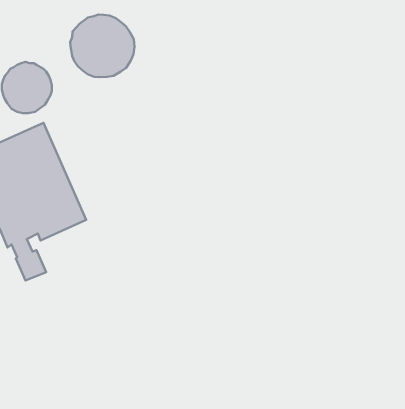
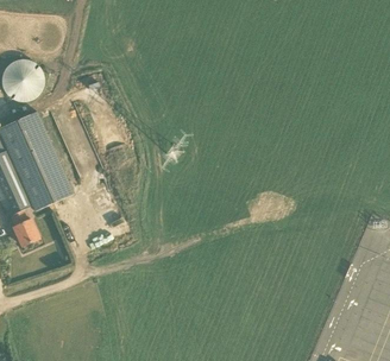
building: [70,14,134,77] -> none

